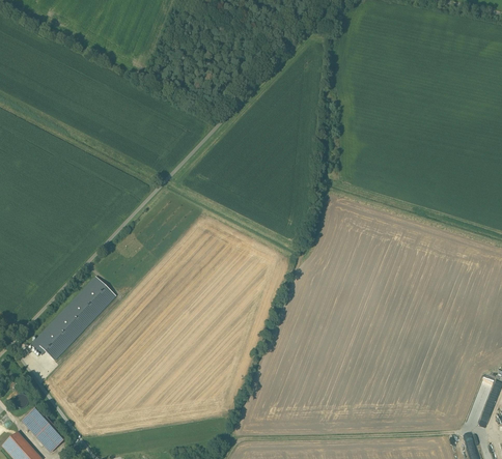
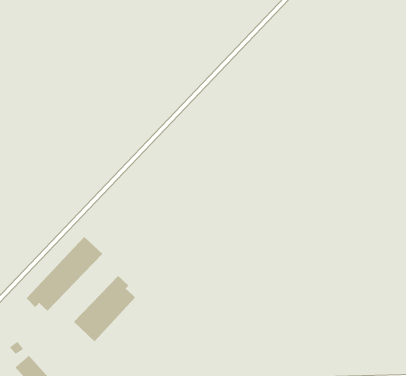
building: none -> [73,275,136,342]

